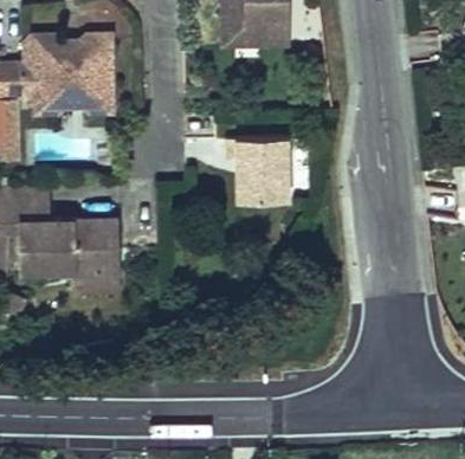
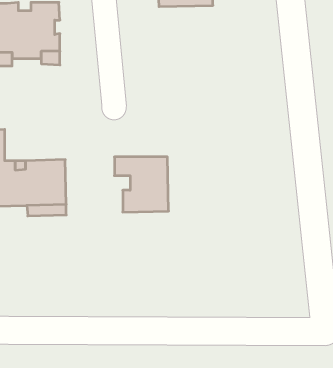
building: [226,138,288,201] -> [114,157,169,212]

